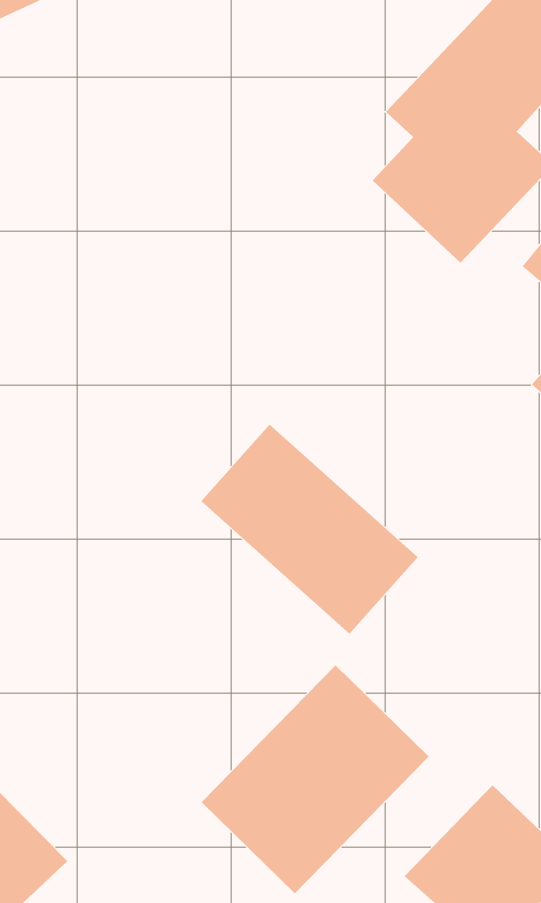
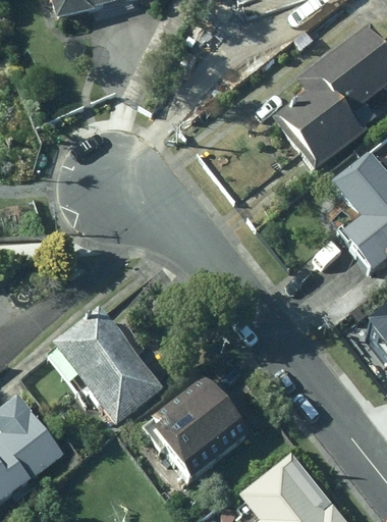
building: [200,424,419,634] -> none
building: none -> [51,309,164,426]

